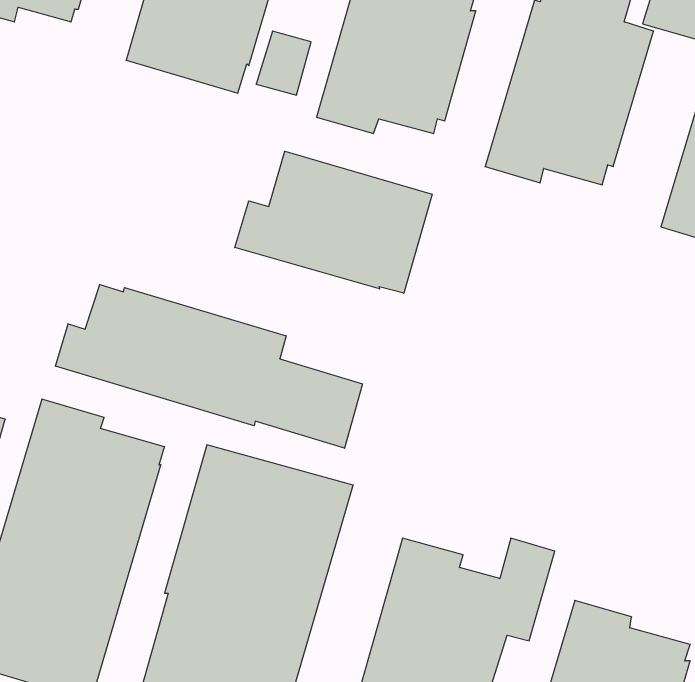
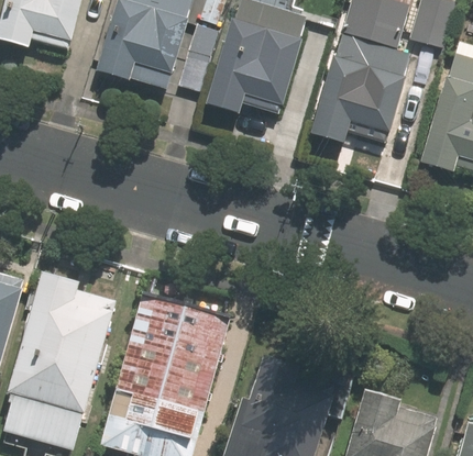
building: [235,151,432,293] -> none
building: [56,284,362,448] -> none

